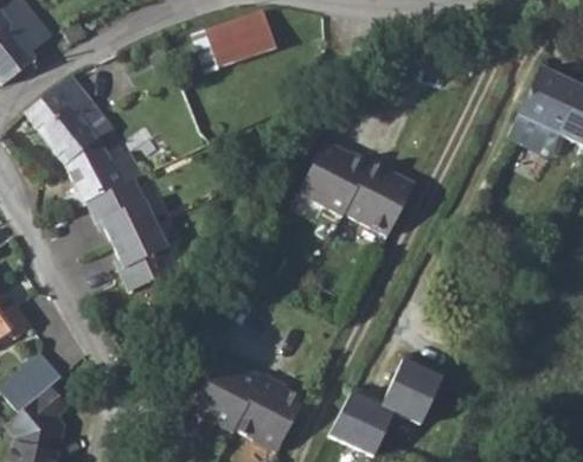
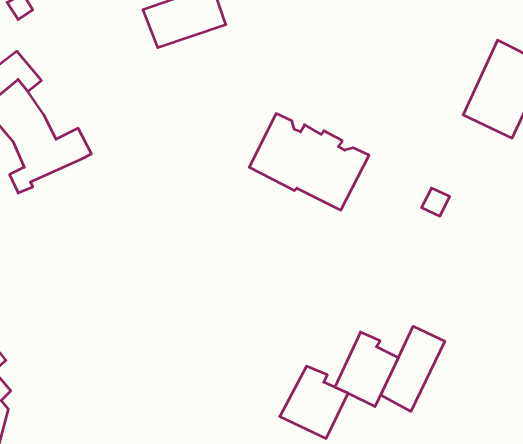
building: [88,181,179,293] -> none
building: none -> [381,326,445,411]
building: [188,353,303,449] -> none

